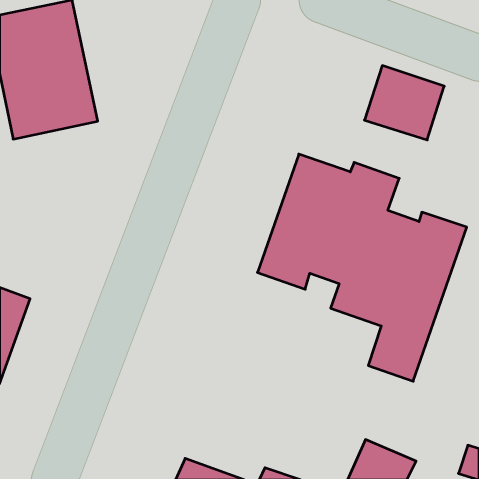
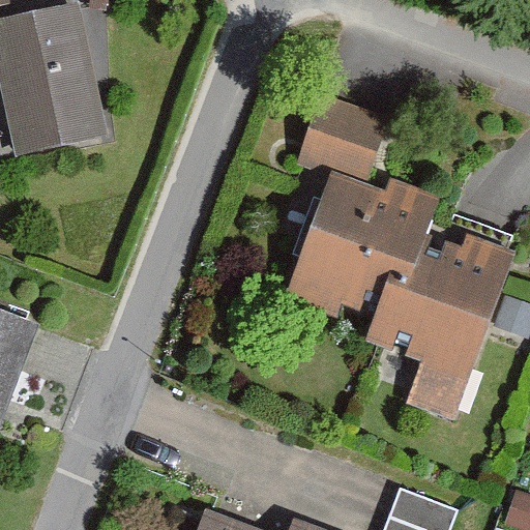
building: [364,66,444,140] -> [299,93,387,175]

